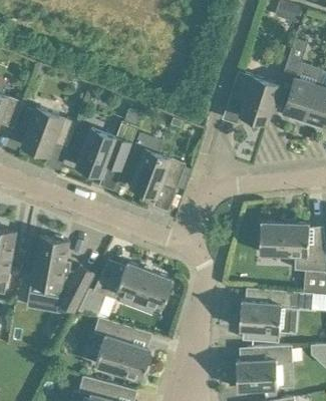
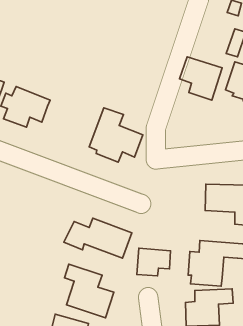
building: [68,109,141,176] -> none
building: [28,238,93,314] -> none
building: none -> [137,248,170,276]

